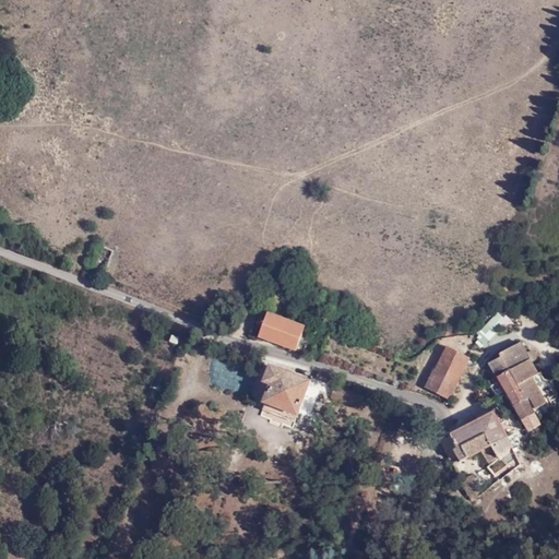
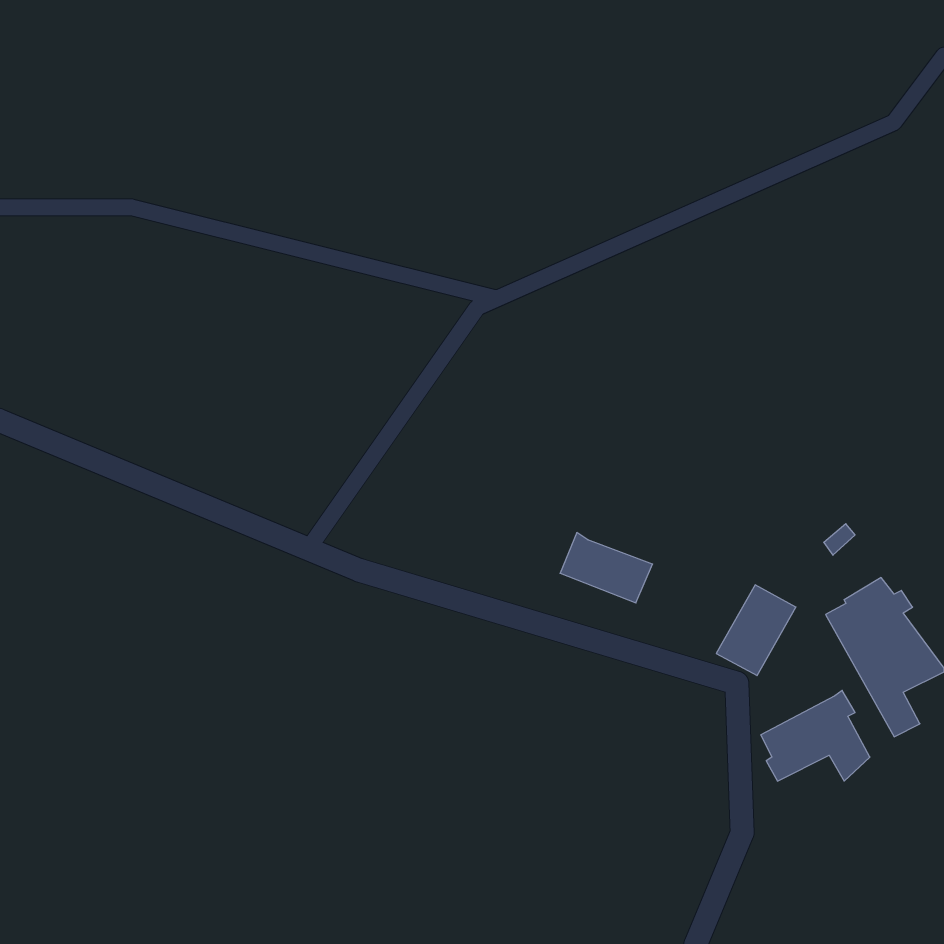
building: [258,311,312,353] -> [560,533,653,603]
building: [260,365,309,415] -> none

